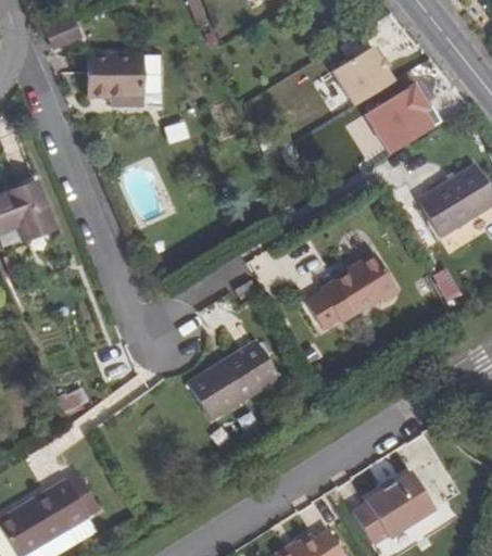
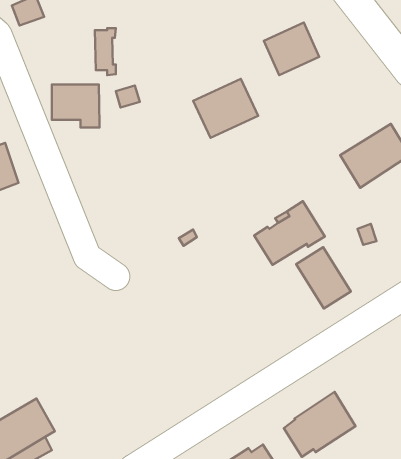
building: [86,55,140,104] -> [52,84,100,127]
building: [365,84,439,151] -> [193,79,258,138]
building: none -> [296,247,351,308]
building: [186,342,277,422] -> none

